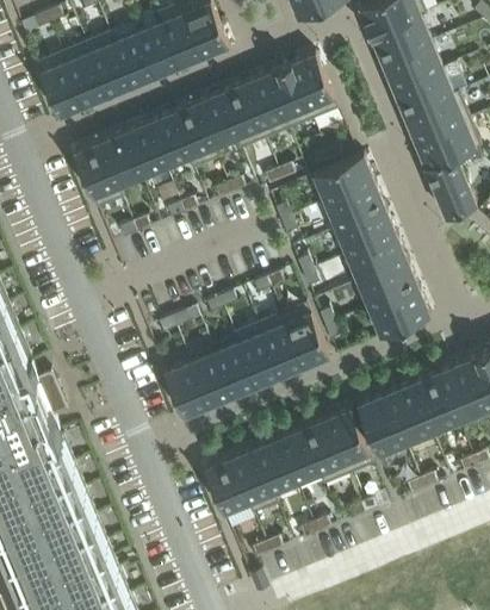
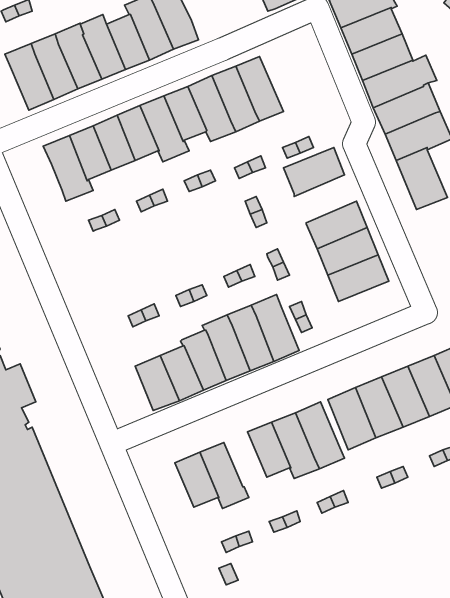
building: [289,56,337,122] -> none
building: [317,185,385,235] -> none
building: [367,291,429,340] -> none
building: [253,441,296,496] -> none

